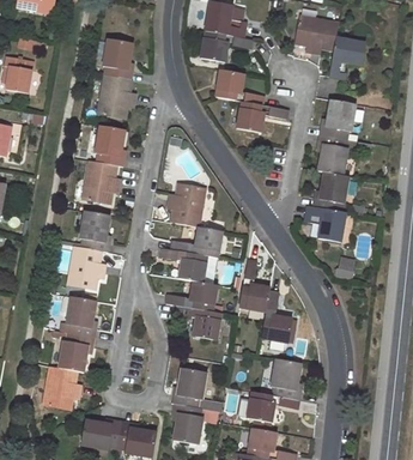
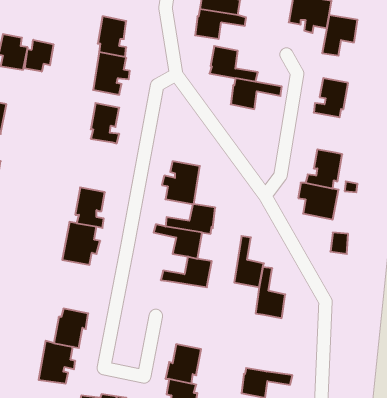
building: none -> [25,40,53,72]
building: [318,134,348,175] -> none
building: [83,159,120,202] -> none
building: [61,295,97,337] -> none
building: [172,304,221,339] -> none
building: [272,359,302,399] -> none

